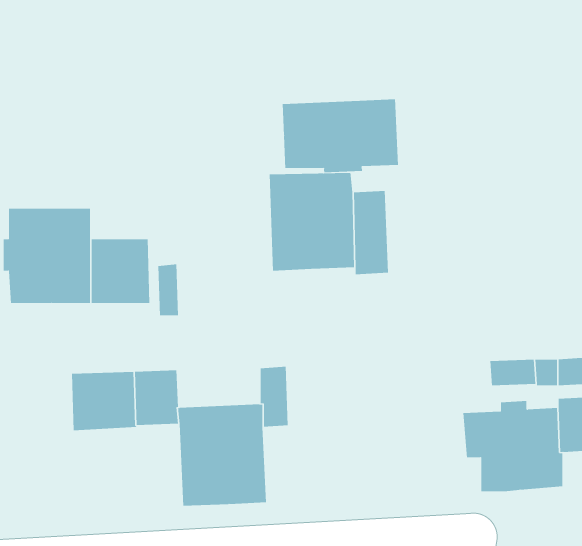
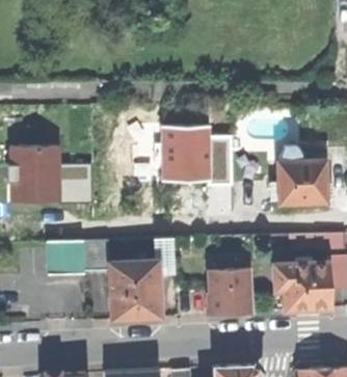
building: [282,99,399,173] -> none
building: none -> [273,150,335,205]
building: none -> [209,267,253,315]

